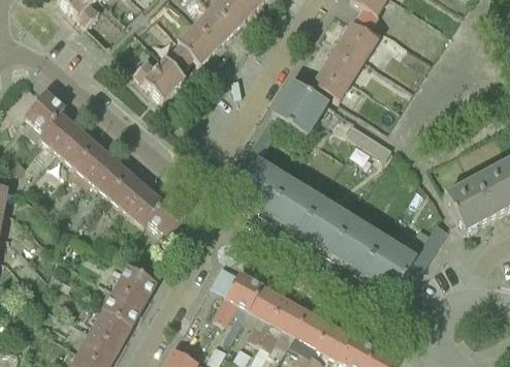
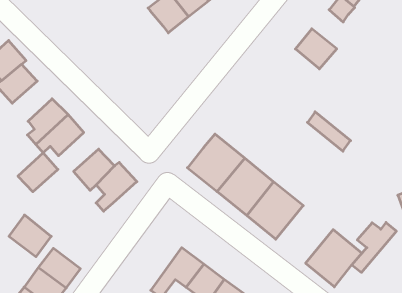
building: [340,21,379,58] -> none
building: [134,43,194,100] -> none
building: [314,63,352,99] -> none
building: [241,78,329,171] -> none
building: [57,126,95,166] -> none
building: [108,171,147,210] -> [18,153,58,192]
building: [330,215,385,271] -> none
building: [115,265,156,304] -> [9,215,51,257]

